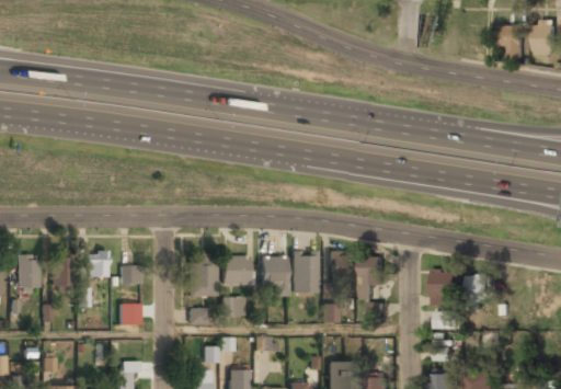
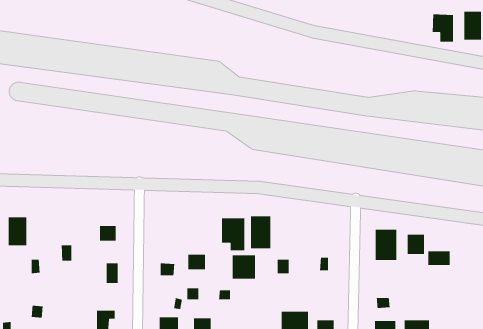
building: [85,252,107,276] -> none
building: [330,252,354,284] -> none
building: [190,254,216,296] -> none
building: [363,255,383,298] -> none
building: [221,256,249,285] -> [232,254,256,279]
building: [53,258,71,291] -> none
building: [438,311,465,329] -> [427,251,451,266]

